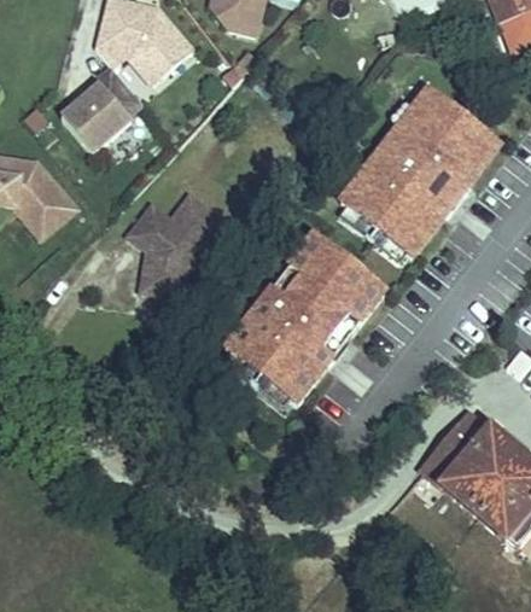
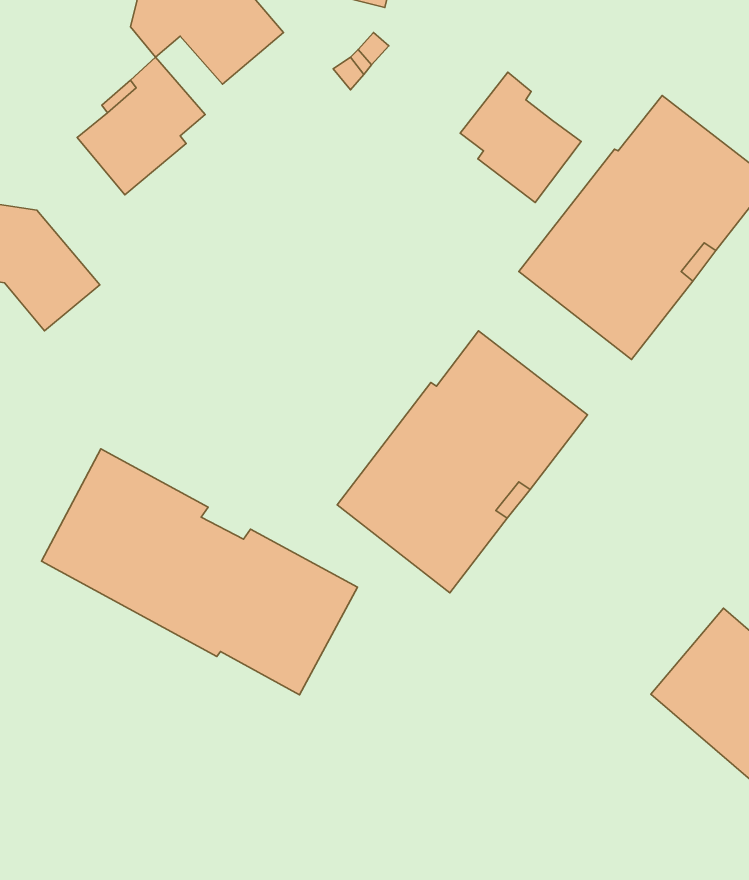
building: none -> [460,72,581,202]
building: [127,193,222,296] -> none
building: none -> [41,449,358,695]

